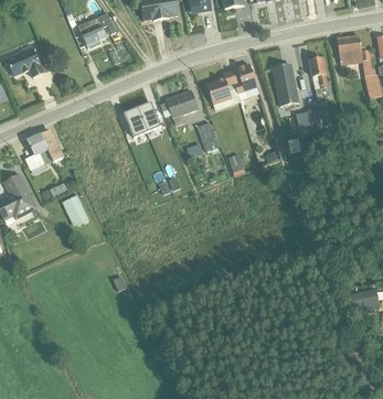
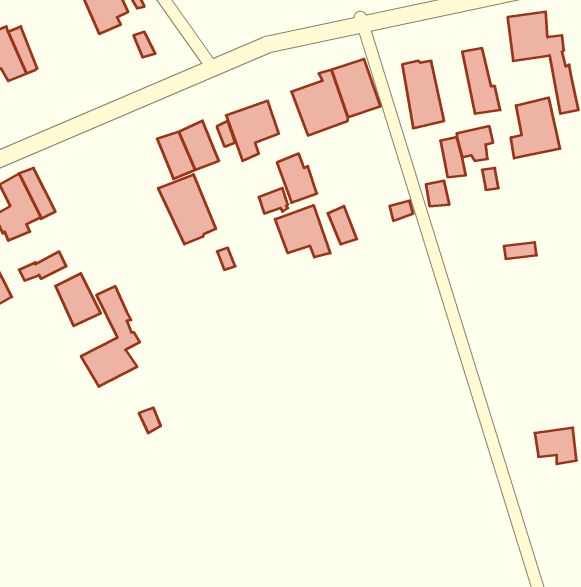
building: none -> [511,98,560,158]
building: none -> [158,174,216,244]
building: none -> [275,205,330,257]
building: none -> [81,286,140,387]

